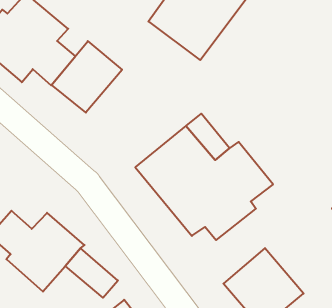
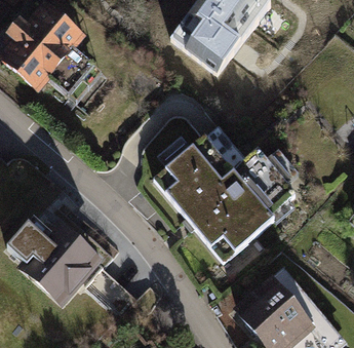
building: [52,41,122,113] -> none

